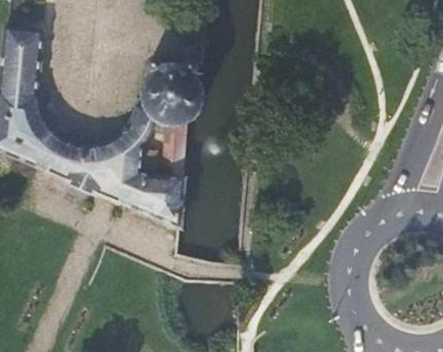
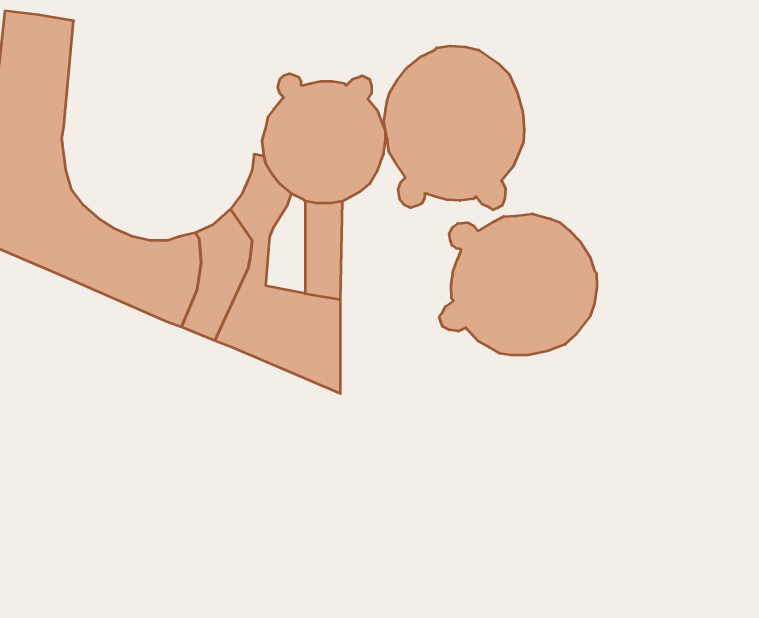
building: none -> [384,46,524,210]
building: none -> [439,214,597,355]

